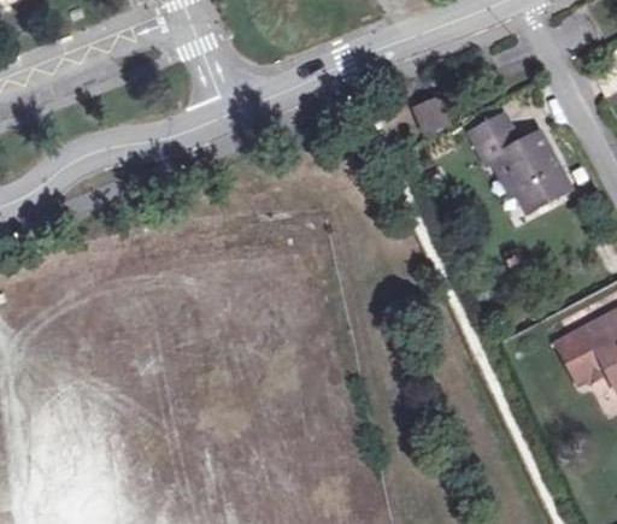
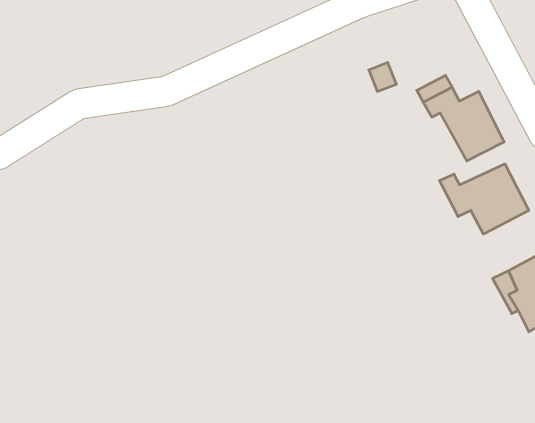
building: none -> [440,164,529,234]

